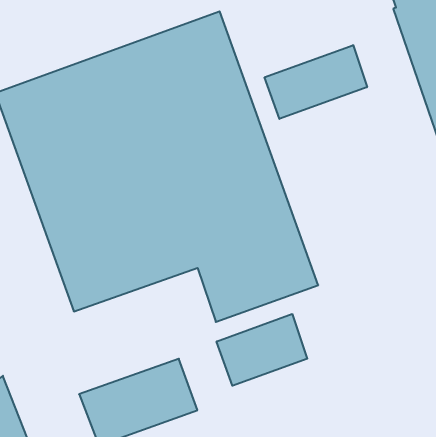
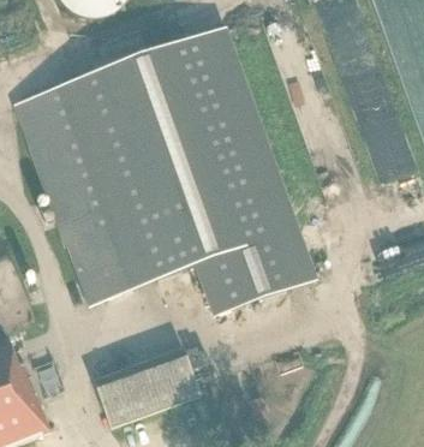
building: [265,45,367,119] -> none
building: [217,314,307,386] -> none

